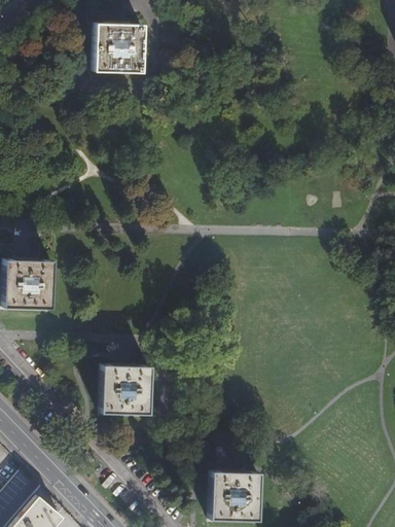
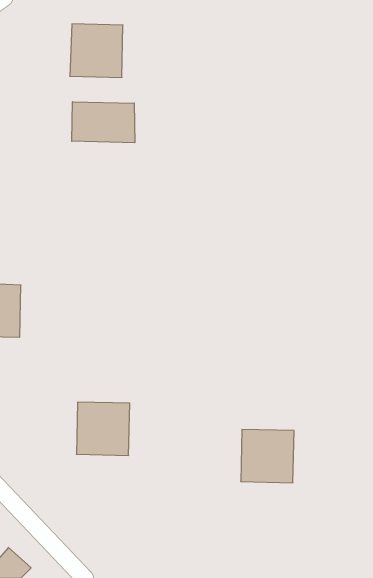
building: none -> [72,102,135,143]
building: [208,471,256,520] -> [241,429,294,483]

